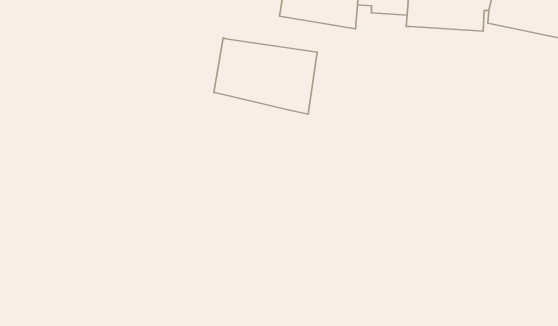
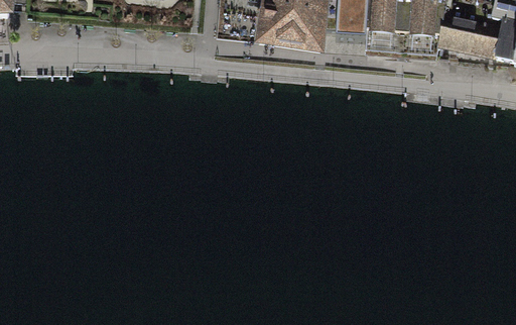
building: [214,38,317,114] -> none

